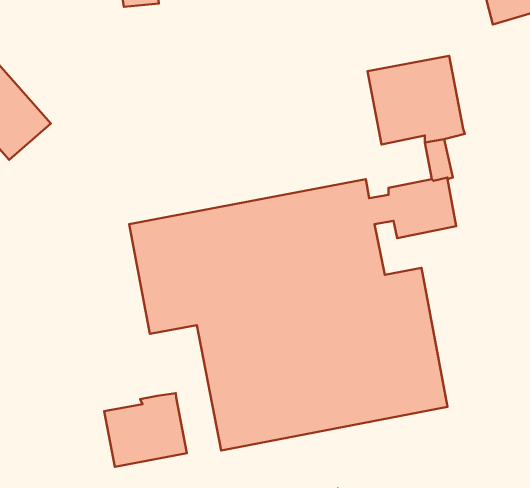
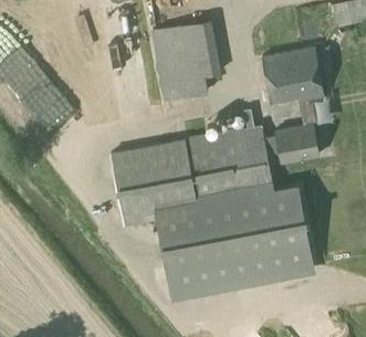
building: none -> [150,19,220,102]
building: [104,393,187,467] -> none

